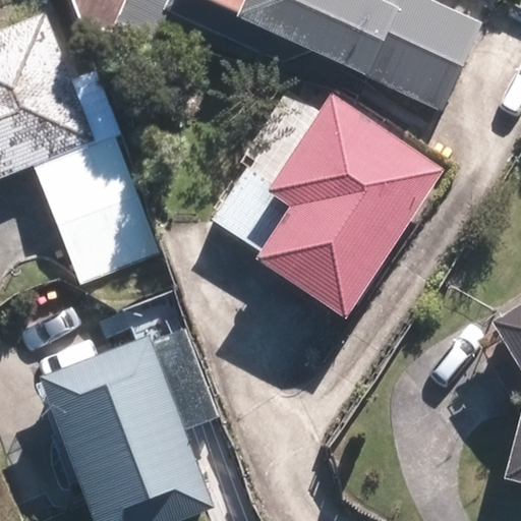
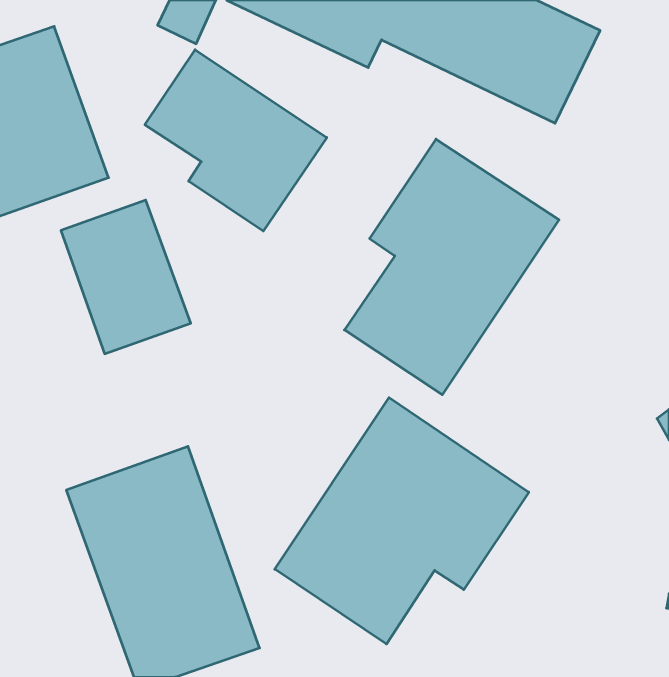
building: none -> [145,50,327,231]
building: none -> [275,398,529,644]

